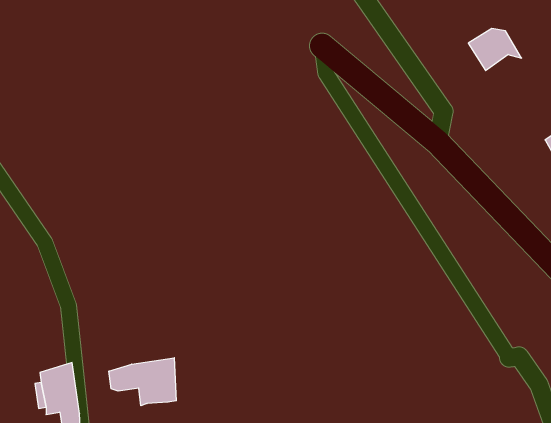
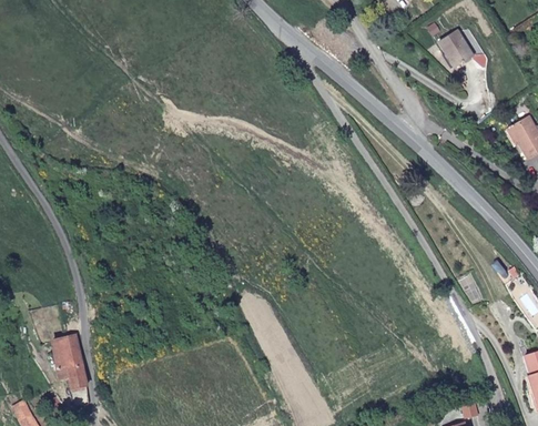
building: [109,358,176,406] -> none

